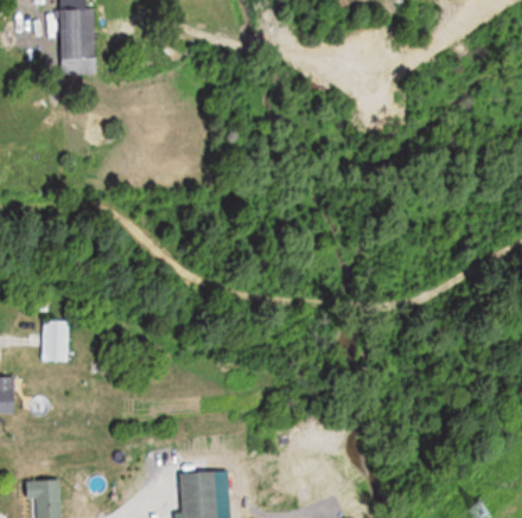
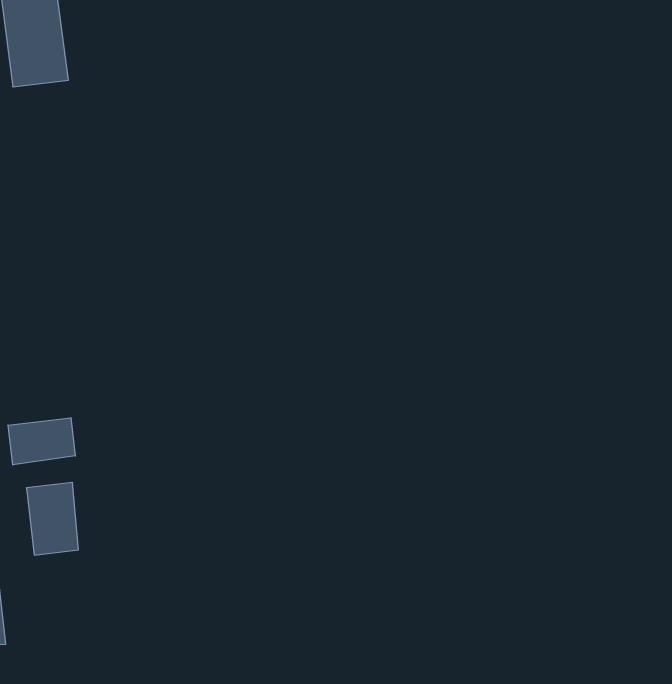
building: none -> [8,418,75,465]

